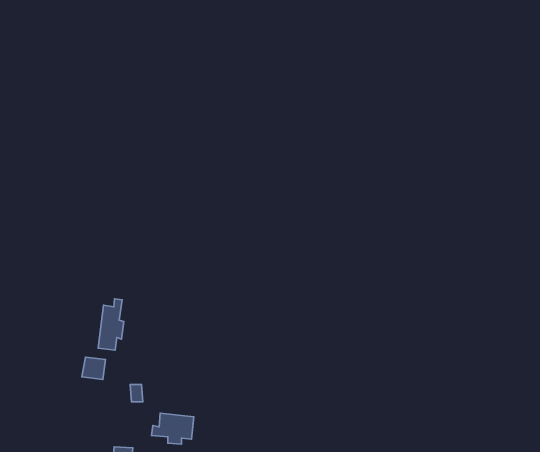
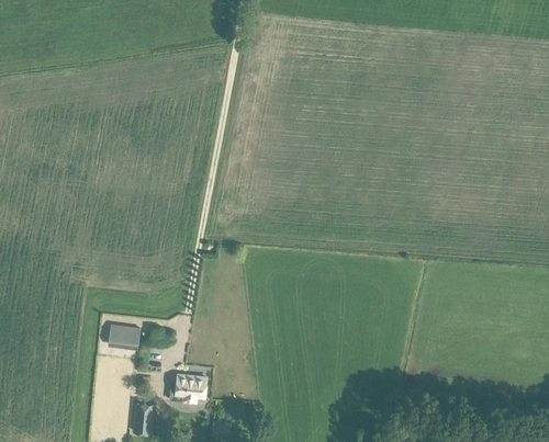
building: [98,299,124,350] -> none

